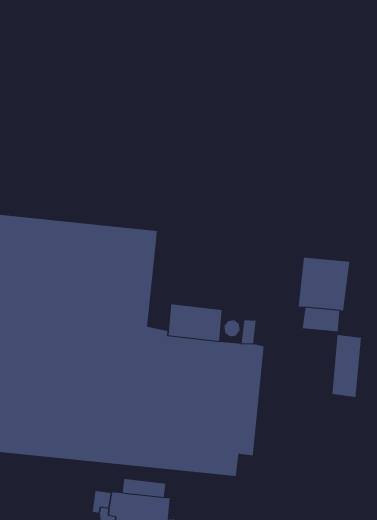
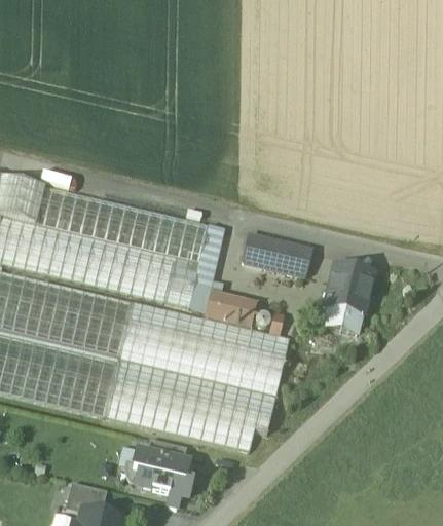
building: none -> [187,229,222,313]
building: none -> [241,235,310,276]
building: [332,334,362,398] -> none

